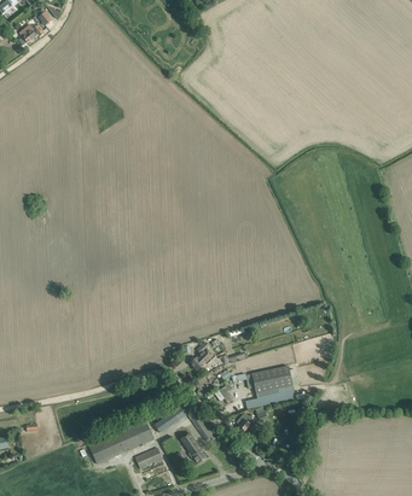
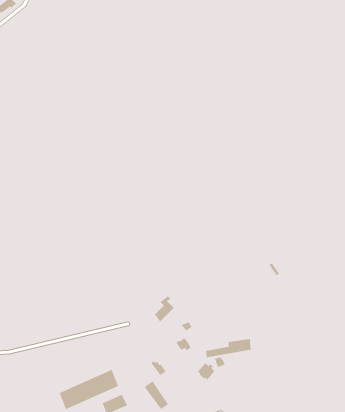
building: [244,366,291,392] -> none

